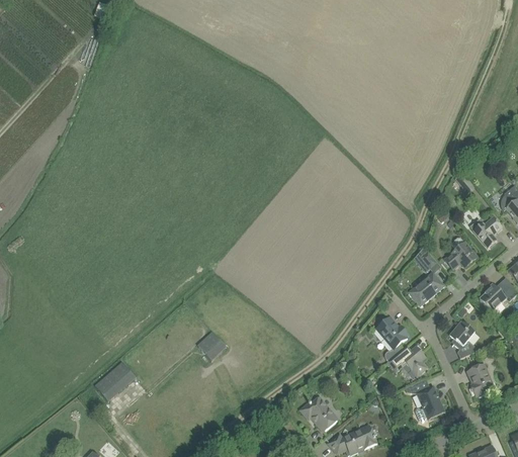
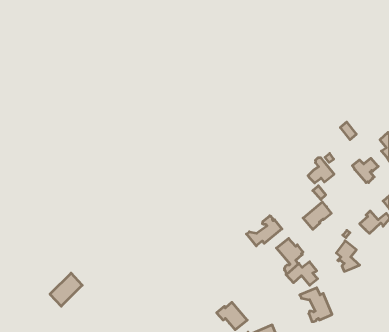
building: [445,237,478,268] -> [308,158,334,183]
building: none -> [246,216,282,246]
building: [194,331,224,360] -> none
building: [467,363,496,396] -> none

